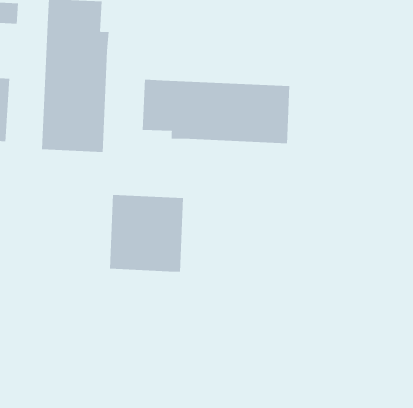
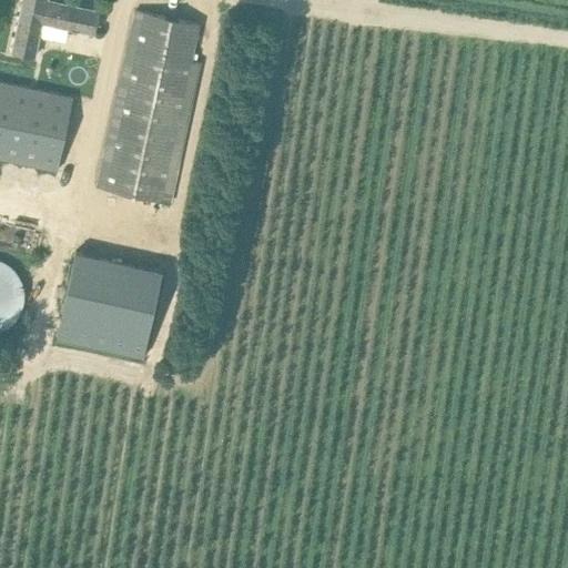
building: [142,79,290,144] -> none
building: [109,194,184,272] -> [59,254,161,359]

